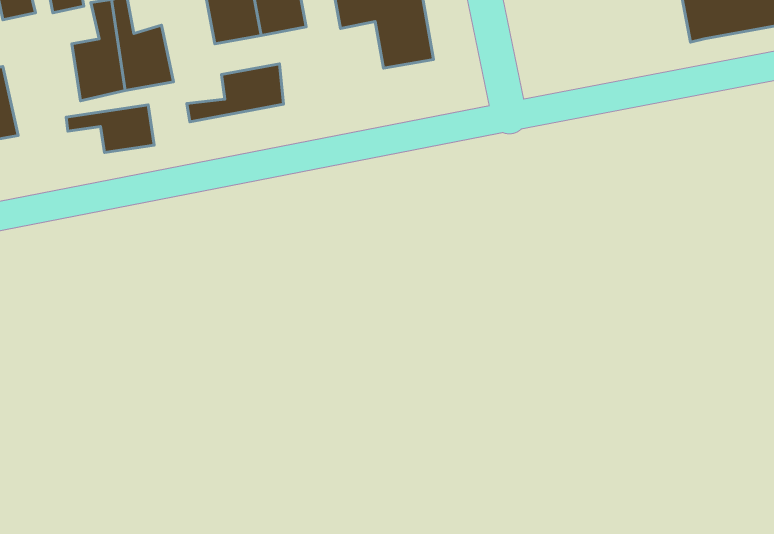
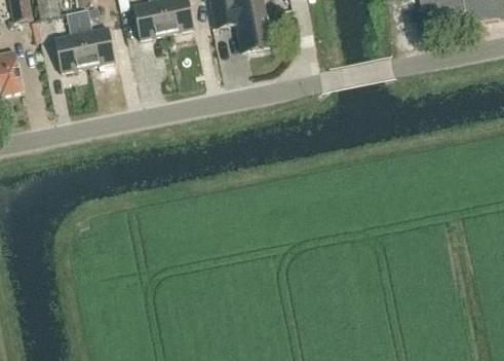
building: [187,64,284,122] -> none
building: [66,105,154,153] -> none

